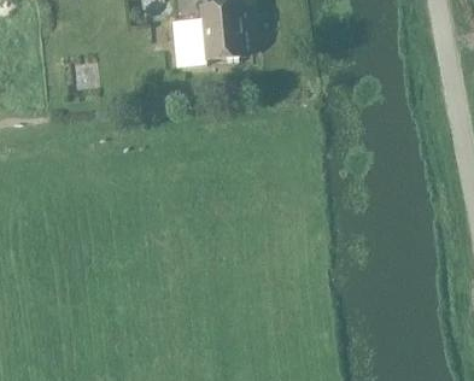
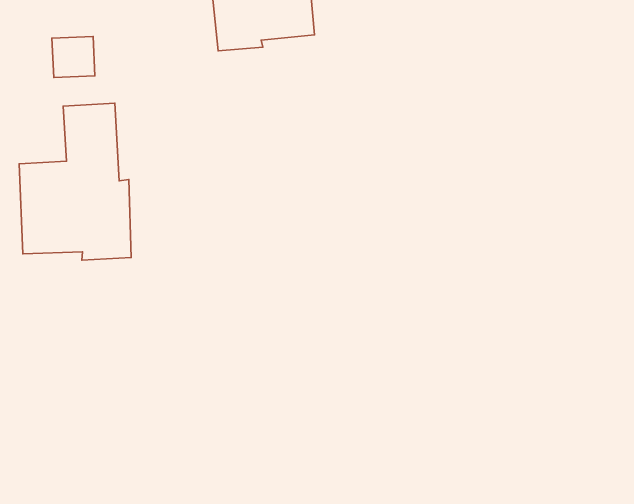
building: none -> [19,103,131,260]

